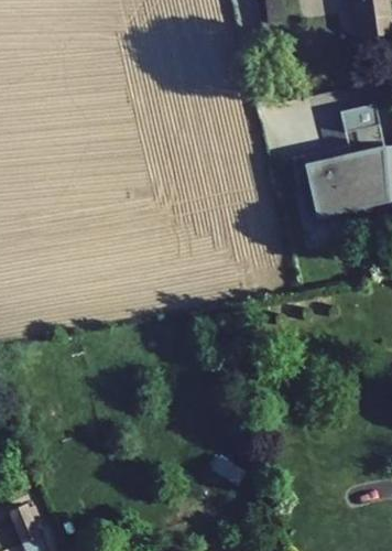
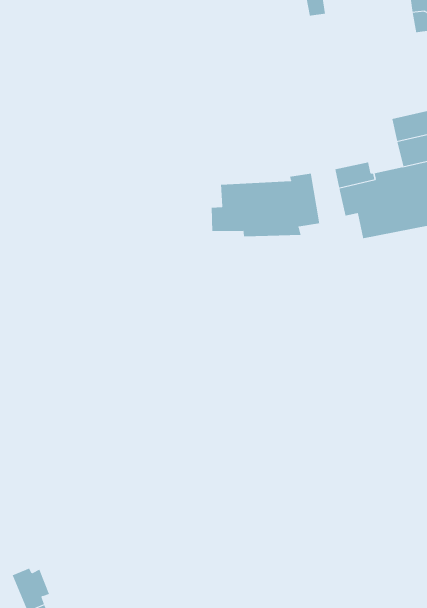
building: none -> [211,173,320,237]

